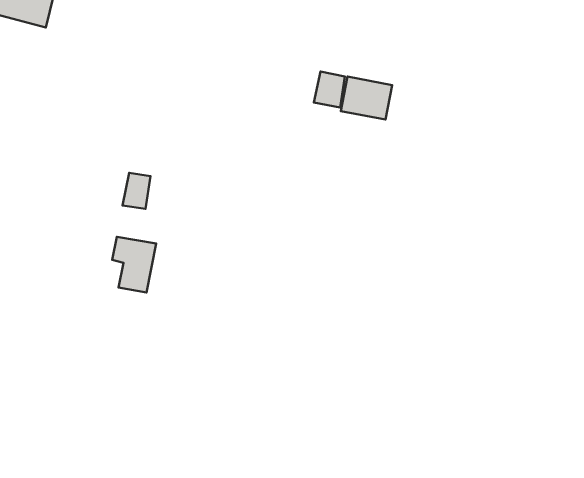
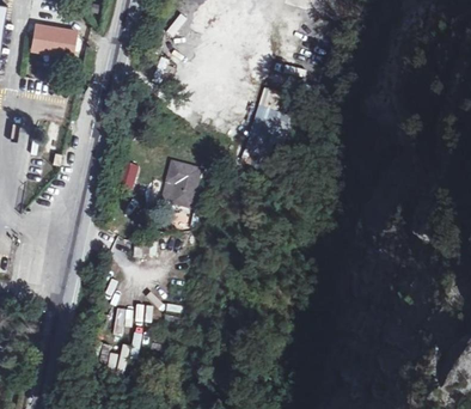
building: [341,77,392,120] -> none
building: [112,237,156,292] -> [159,165,191,206]

